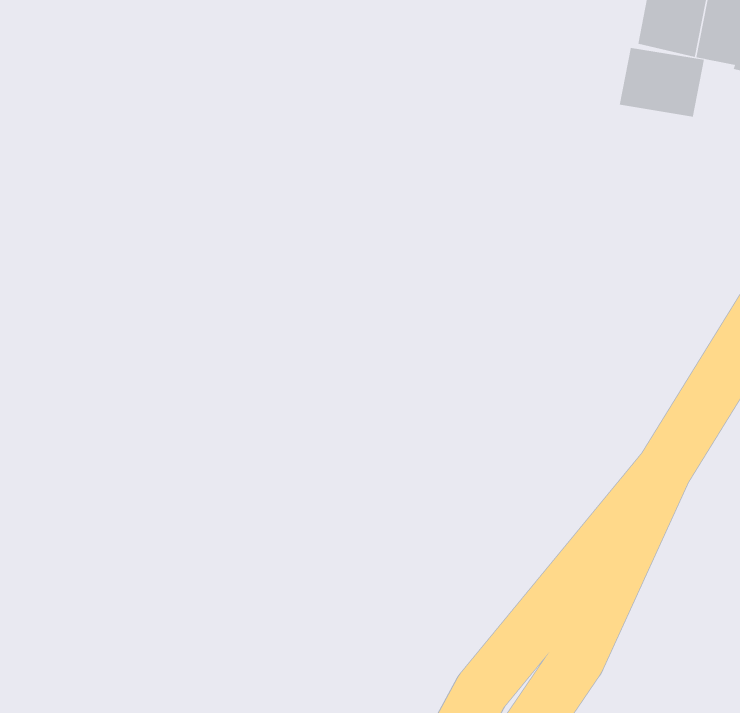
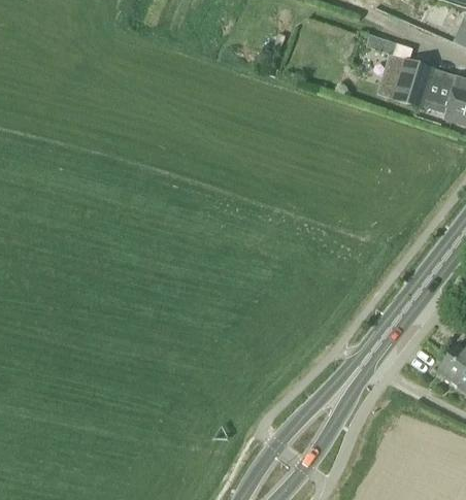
building: [619,47,704,118] -> none

